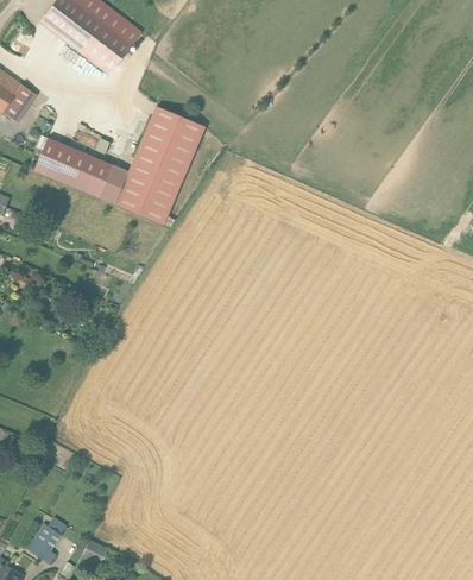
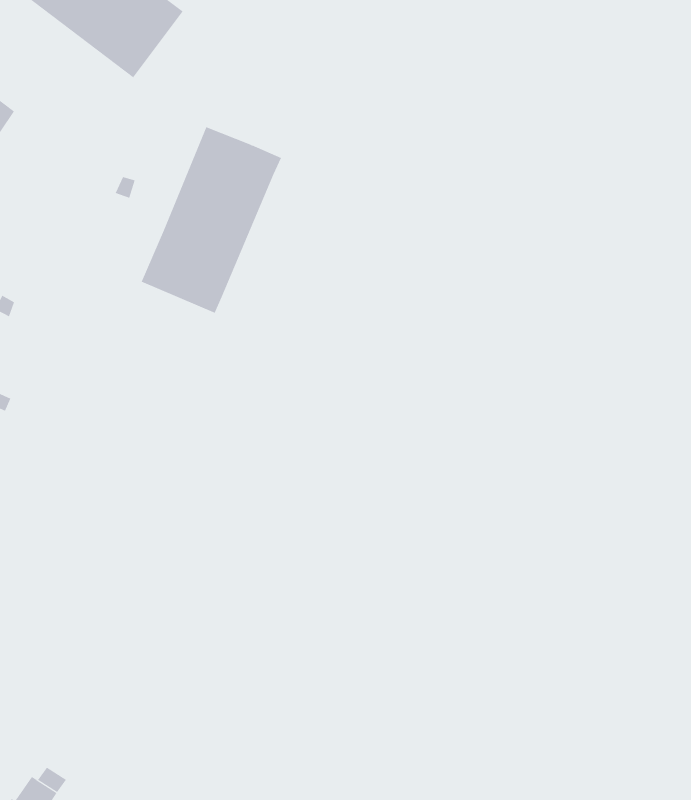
building: [33,138,113,198] -> none

